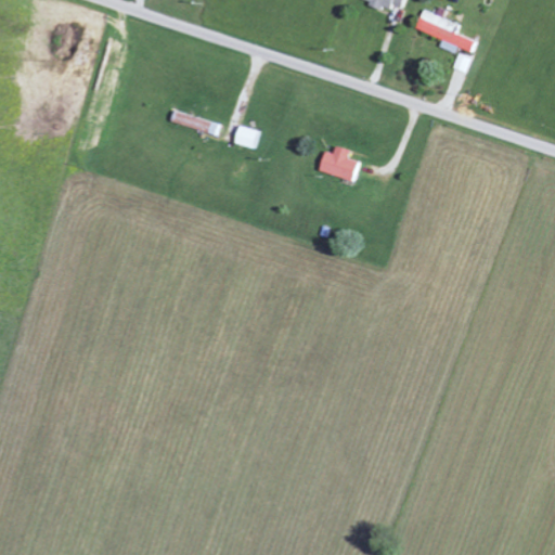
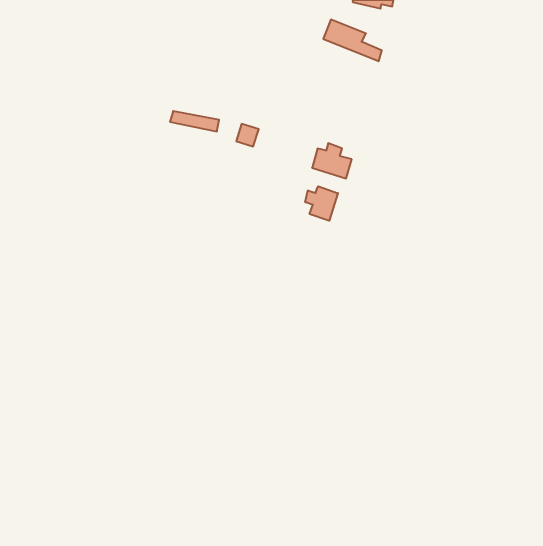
building: [412,9,472,51] -> [323,20,382,61]
building: none -> [305,186,338,221]

